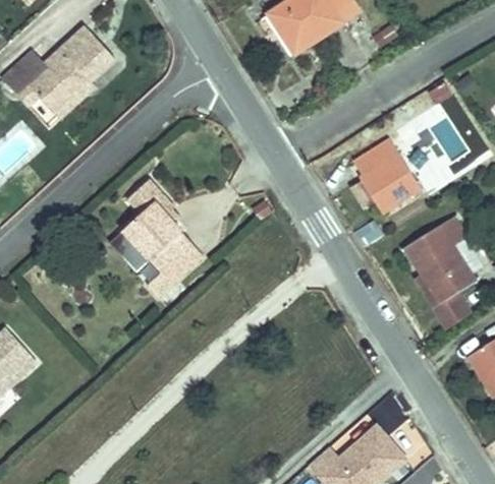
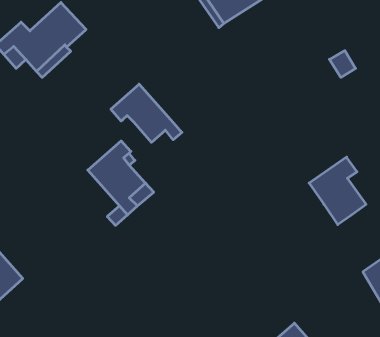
building: none -> [111,84,182,142]
building: [348,136,409,207] -> none
building: [410,274,469,328] -> none

